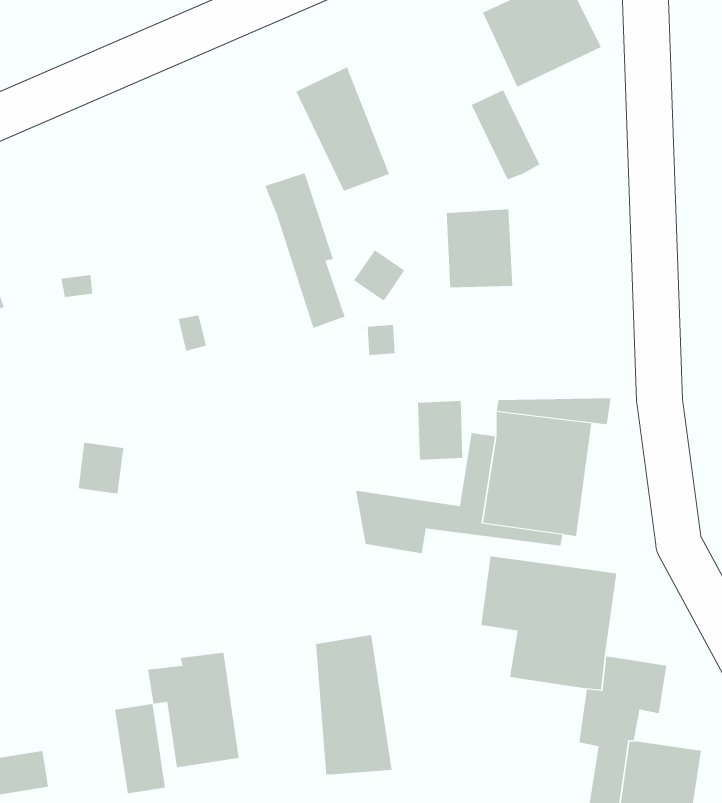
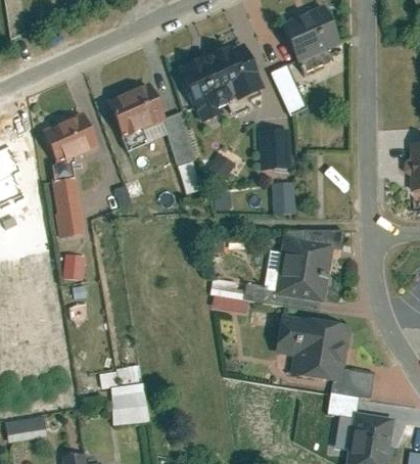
building: none -> [205,40,264,111]
building: none -> [109,87,168,150]
building: none -> [40,109,100,164]
building: none -> [52,179,88,242]
building: [417,400,463,460] -> [273,180,297,212]
building: [316,634,392,776] -> none
building: [115,703,166,794] -> none

